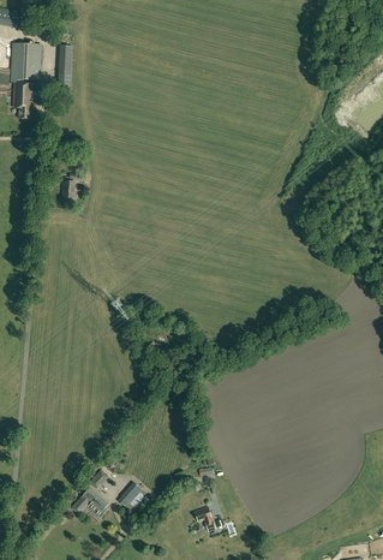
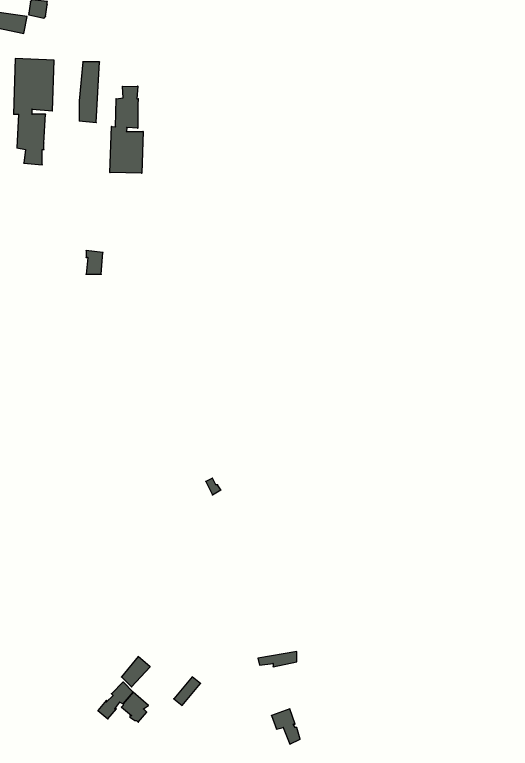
building: none -> [110,86,143,173]

